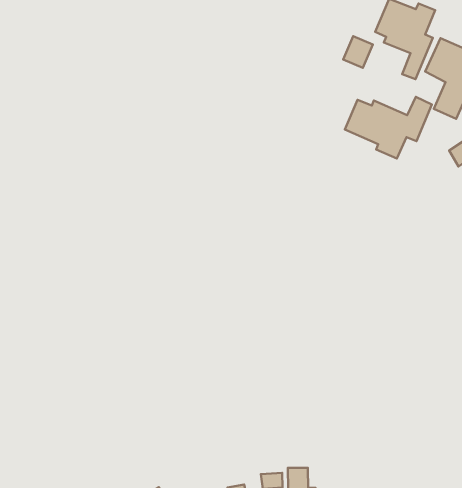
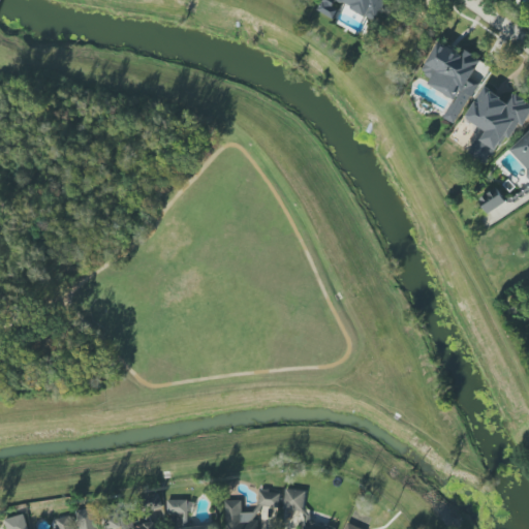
building: [343,36,373,68] -> none
building: [345,97,432,159] -> none

